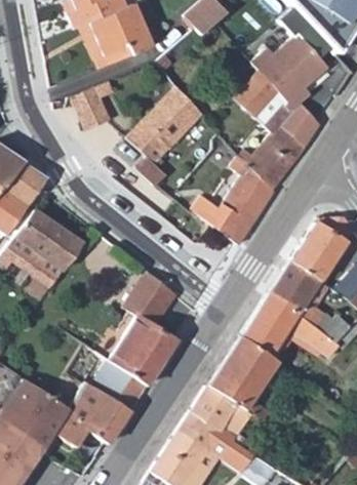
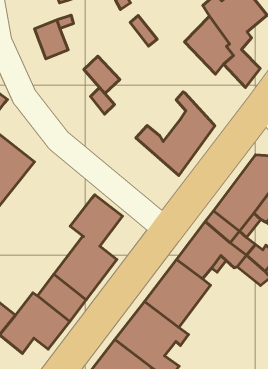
building: [142,88,198,146] -> none
building: [239,122,305,188] -> none

